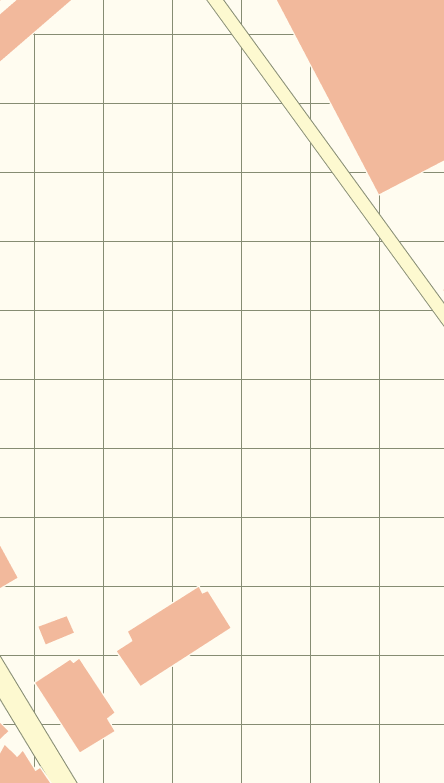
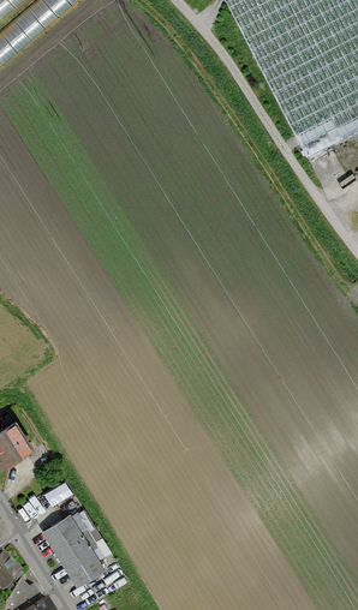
building: [116,586,232,687] -> none

